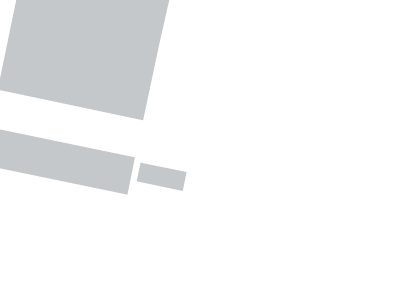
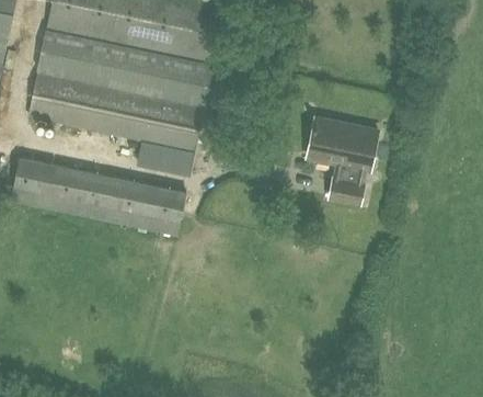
building: none -> [308,120,378,204]
building: [136,162,187,191] -> [136,143,194,175]

